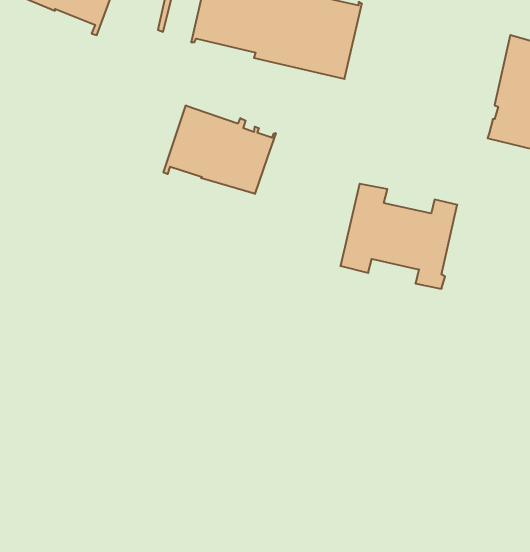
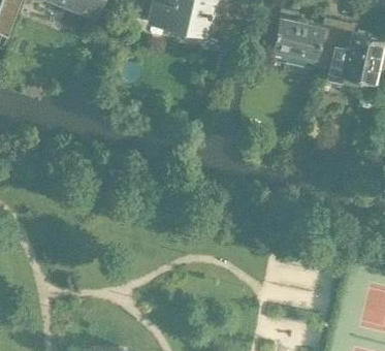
building: [164,105,276,194] -> none
building: [340,184,457,289] -> [270,10,340,72]

